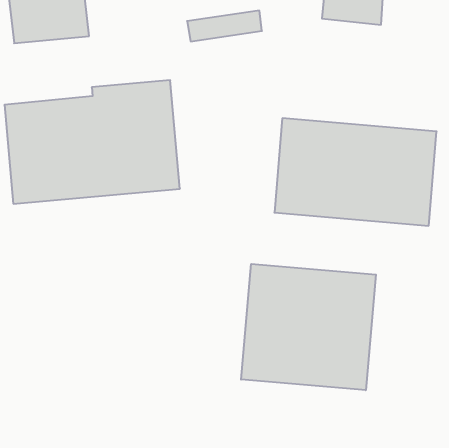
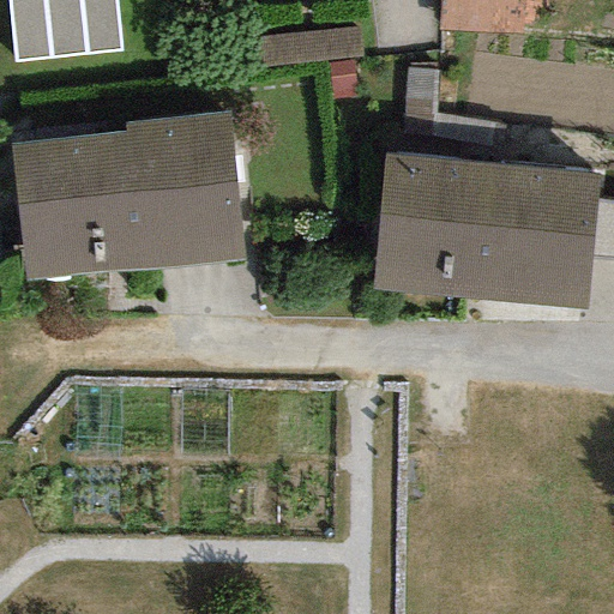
building: [241,264,376,390] -> none

